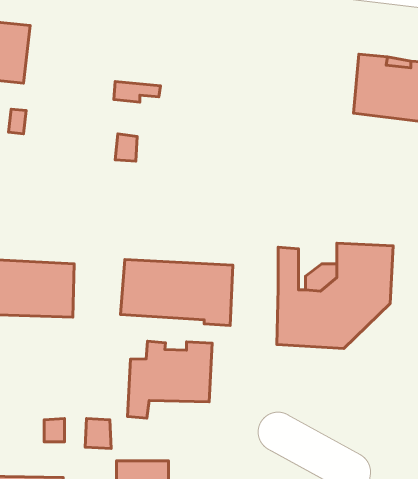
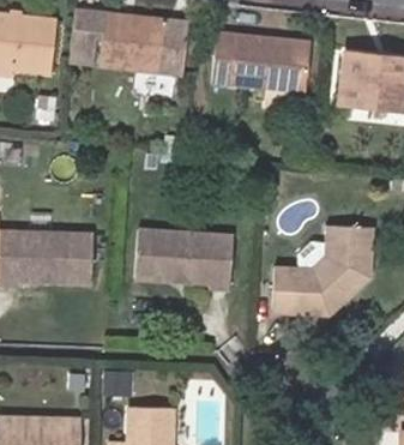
building: none -> [70,13,189,78]
building: none -> [212,34,308,113]
building: [127,341,212,418] -> none

